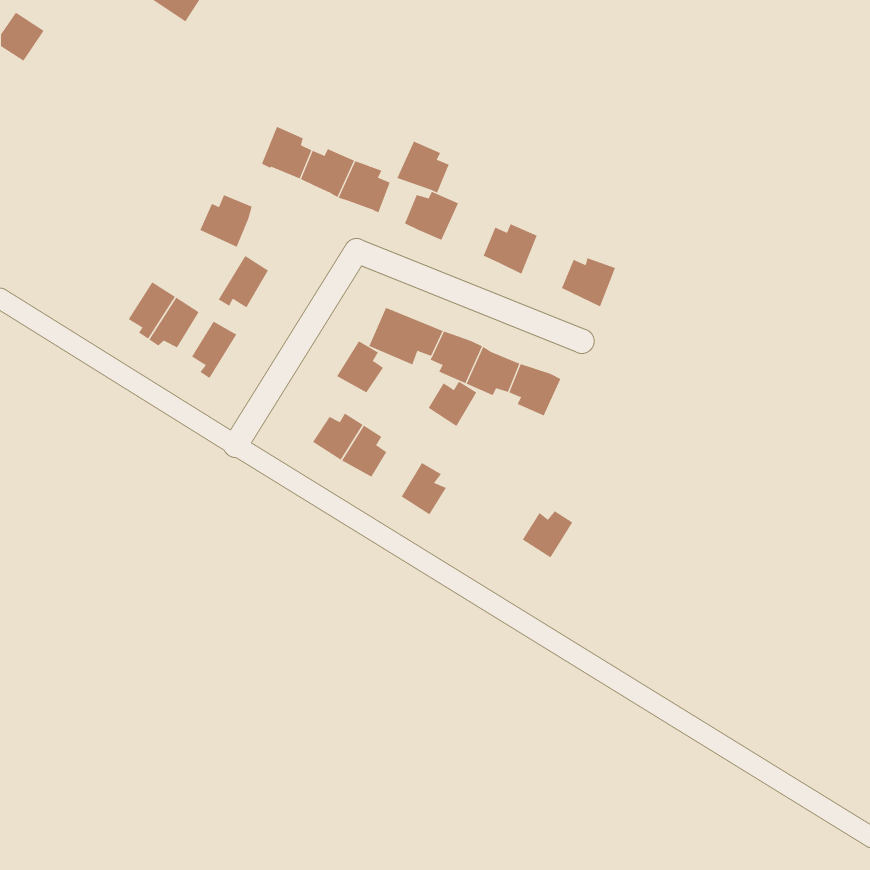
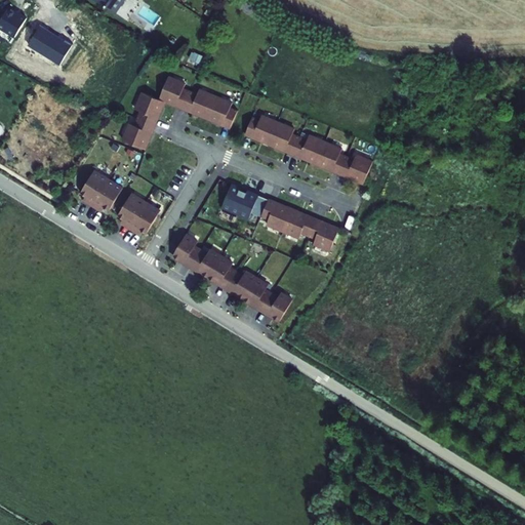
building: none -> [30,24,74,65]
building: [397,141,449,194] -> [267,122,298,154]
building: none -> [133,91,164,124]
building: none -> [315,142,346,173]
building: [218,255,269,308] -> [127,201,158,233]
building: [336,340,384,393] -> [170,234,199,266]
building: [428,381,477,427] -> [225,271,254,298]
building: [522,510,573,558] -> [259,292,290,321]

